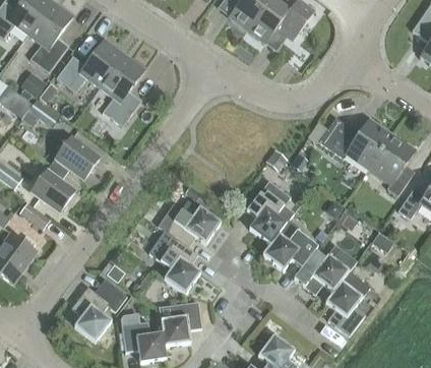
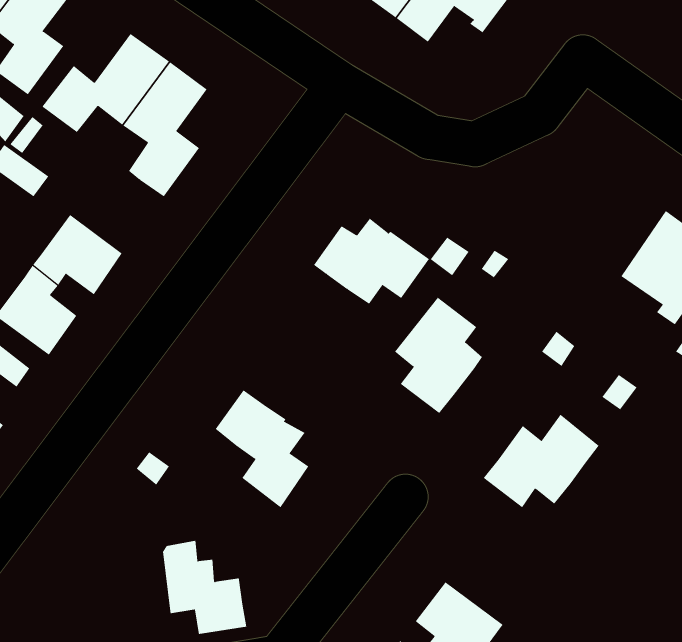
building: [319,118,392,170] -> none
building: [158,200,221,247] -> [313,218,430,305]
building: [262,220,317,270] -> none
building: [325,270,370,336] -> none
building: [71,279,127,343] -> none
building: [159,302,201,347] -> none

